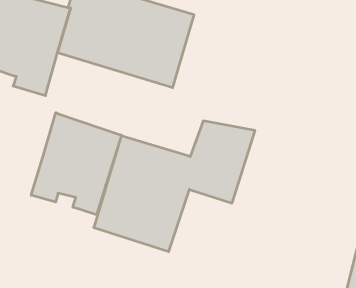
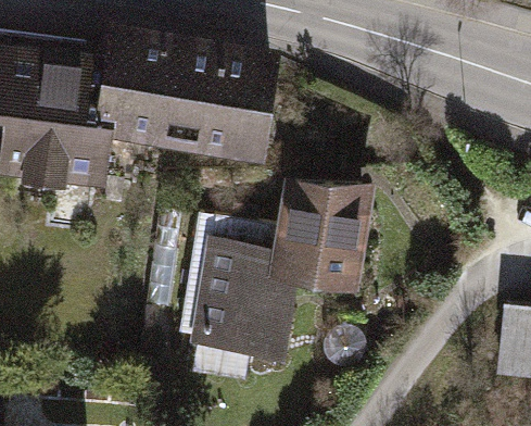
building: [31,113,121,215] -> none

